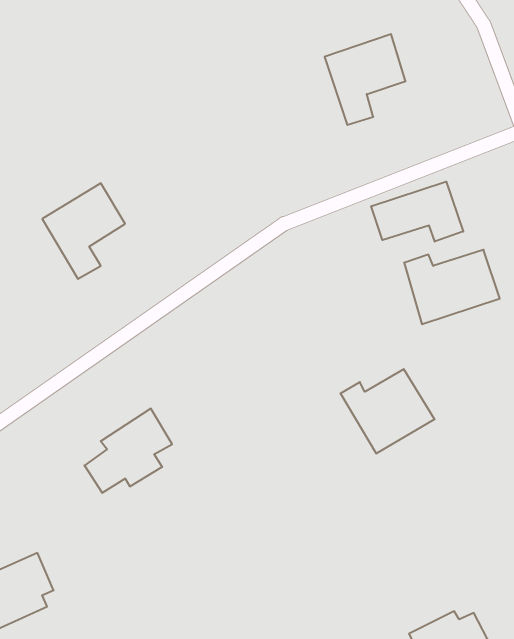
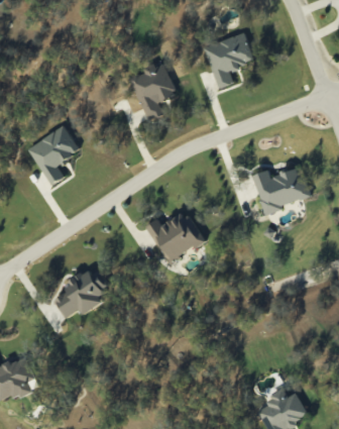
building: none -> [128,61,177,120]
building: [371,182,463,242] -> none
building: [340,369,435,453] -> [145,209,204,261]

